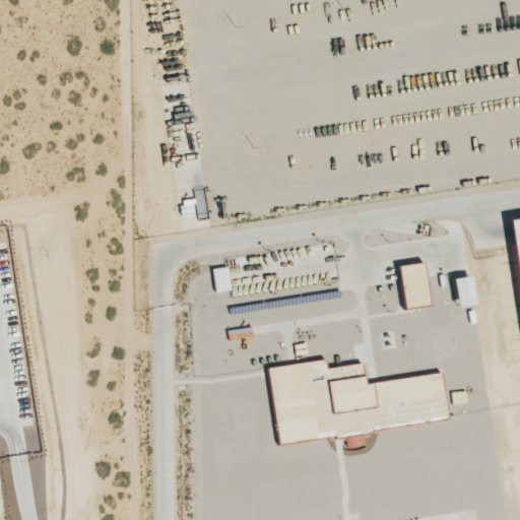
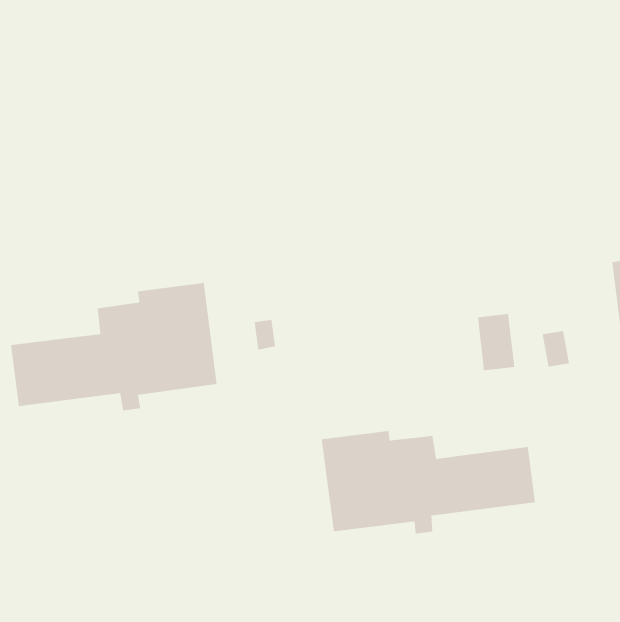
building: none -> [10,282,217,411]

